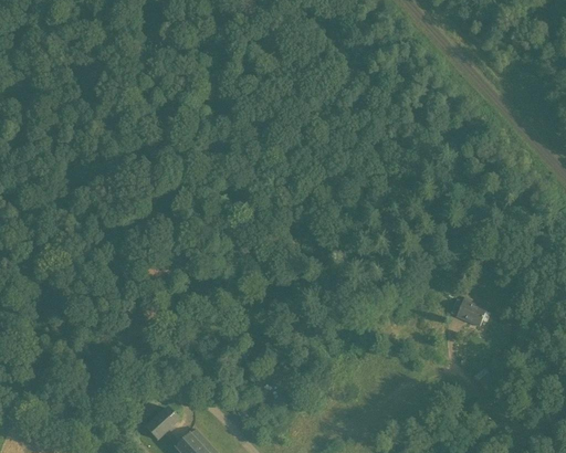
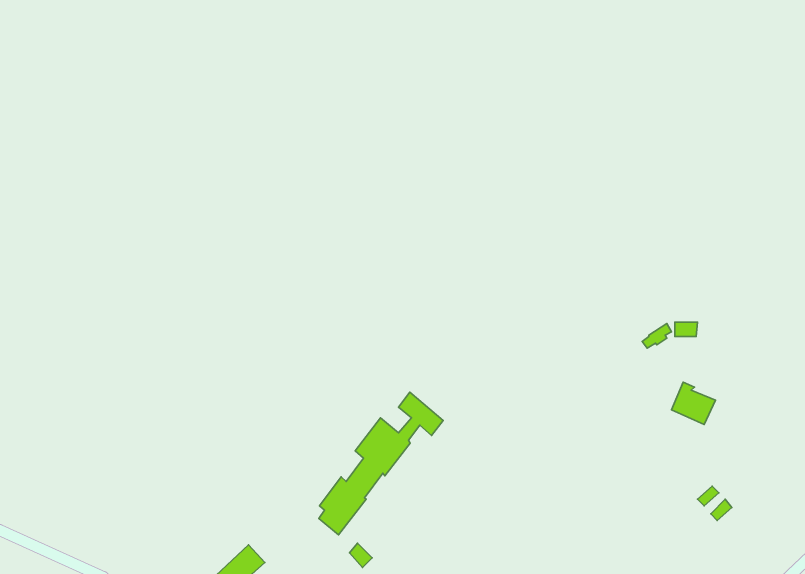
building: none -> [319,392,443,535]

